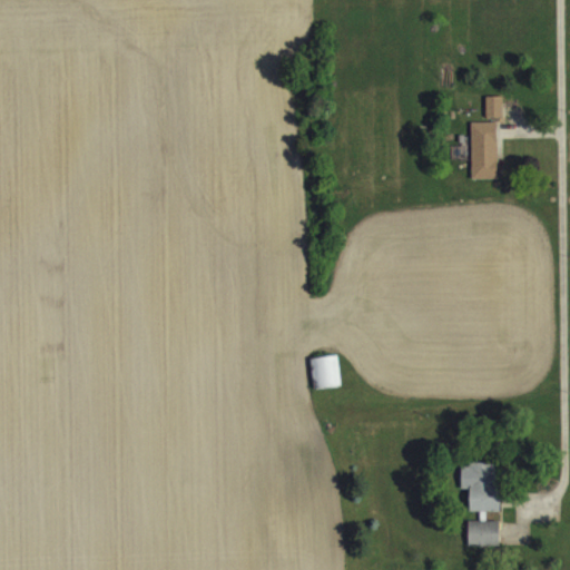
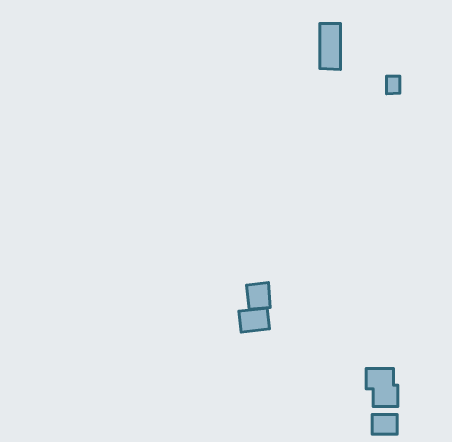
building: [471,121,497,179] -> [320,23,340,69]
building: none -> [239,308,270,332]

